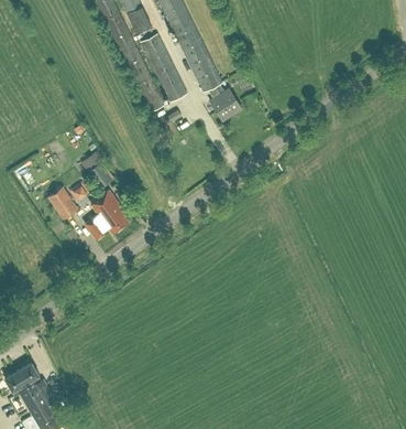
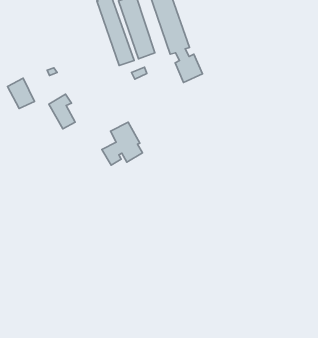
building: [47,186,78,219] -> [8,78,34,109]
building: [85,190,129,238] -> [102,122,143,165]

